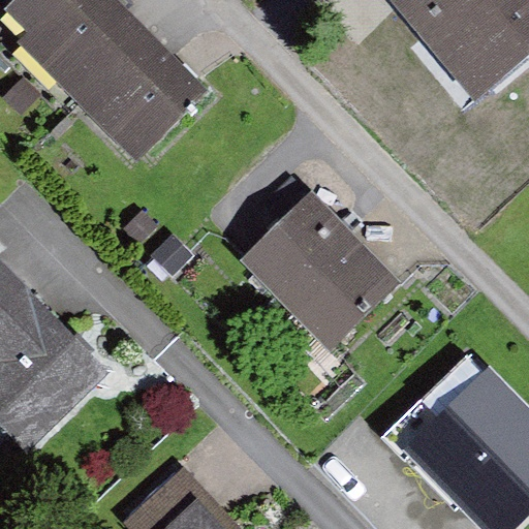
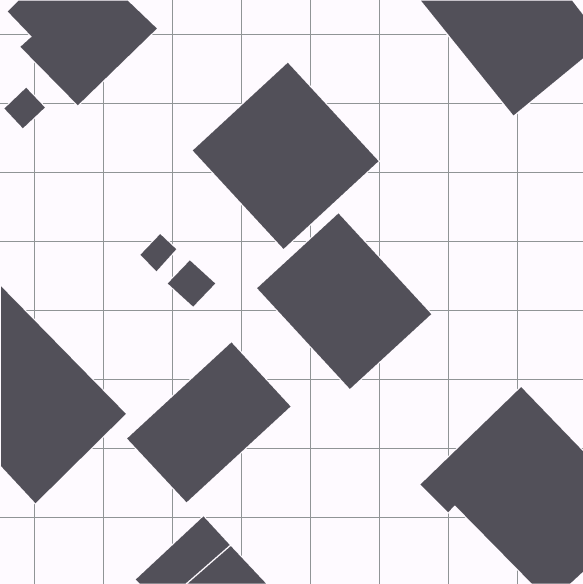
building: [71,26,208,162] -> none
building: none -> [192,62,379,250]
building: none -> [126,342,291,503]

